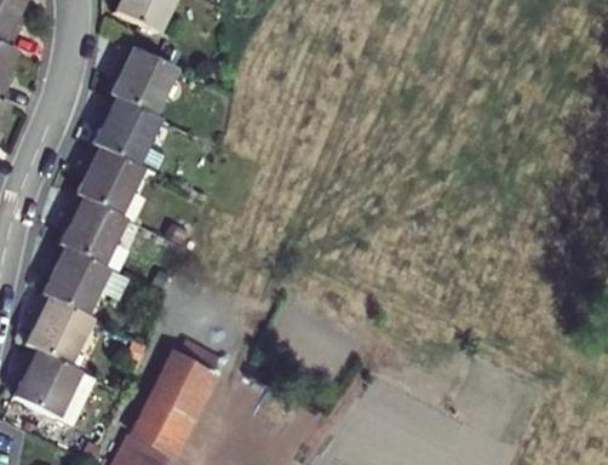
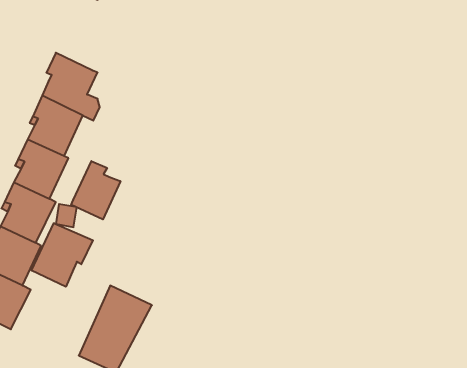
building: [111,44,177,114] -> none
building: none -> [71,161,120,219]
building: none -> [32,223,93,287]

